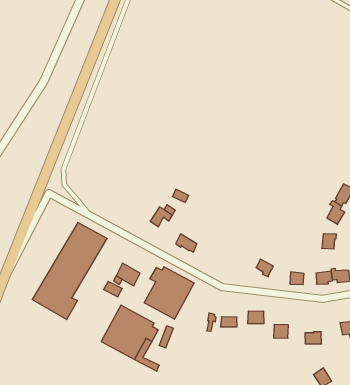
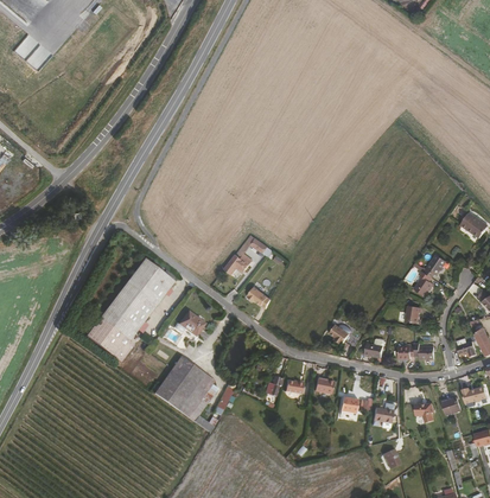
building: [144,267,194,319] -> none

